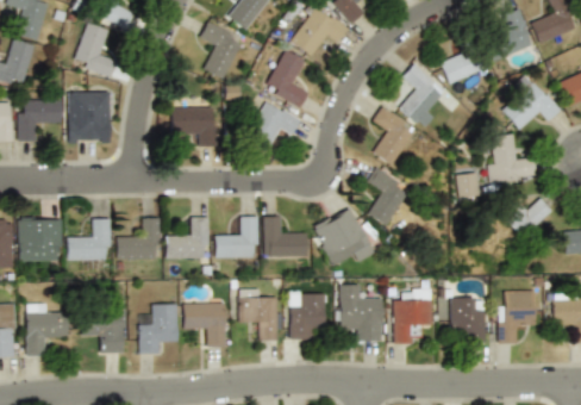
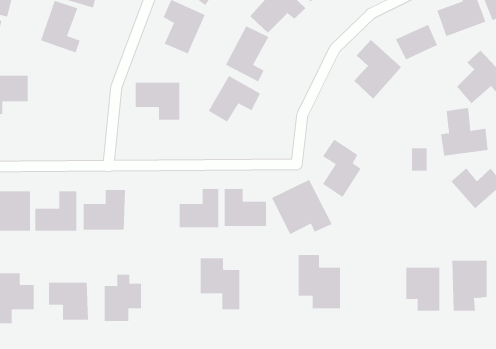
building: [68,93,112,143] -> none
building: [370,106,418,167] -> none
building: [167,218,211,258] -> none
building: [393,288,433,344] -> none
building: [288,292,326,341] -> none
building: [185,304,226,348] -> none

